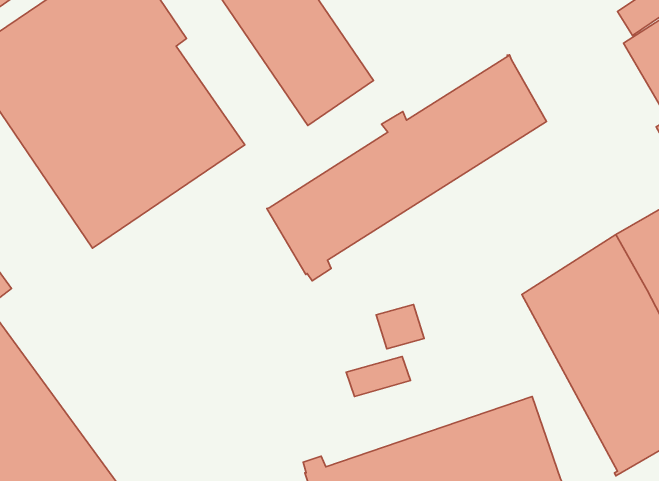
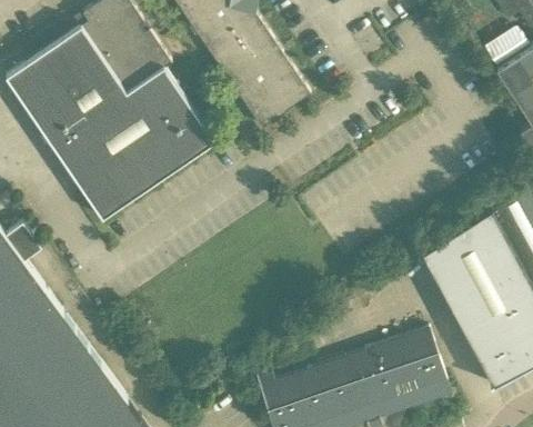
building: [267,55,546,281] -> none
building: [376,304,424,349] -> none
building: [346,356,410,396] -> none

